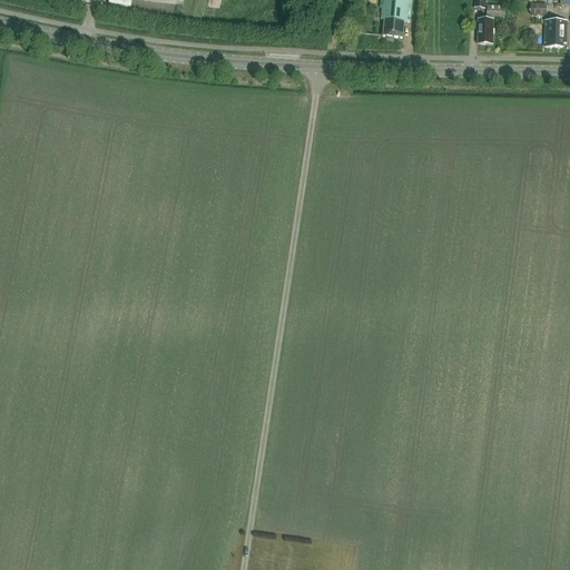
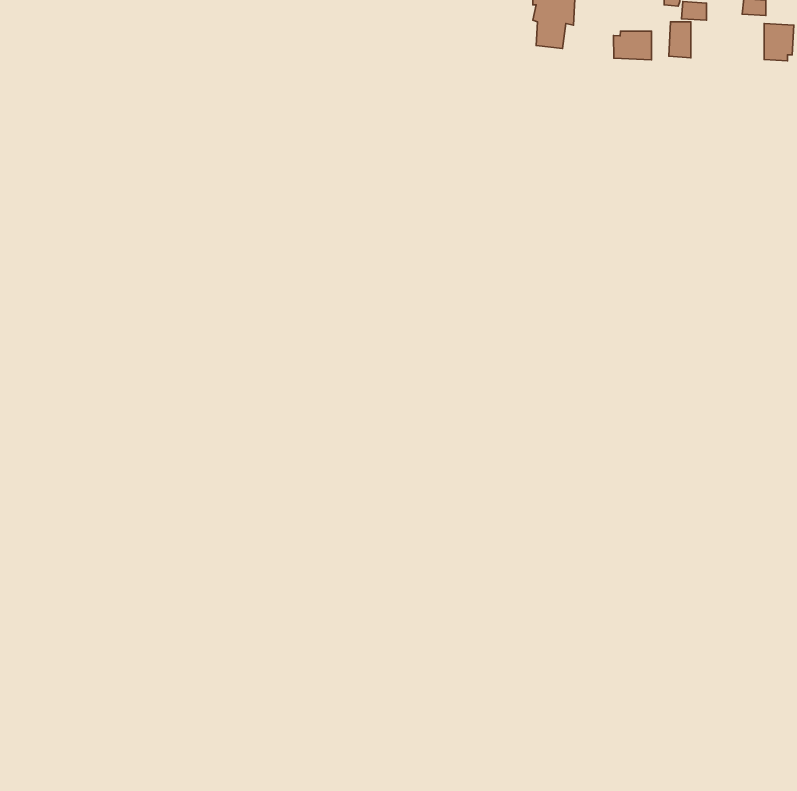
building: none -> [614,31,651,60]

